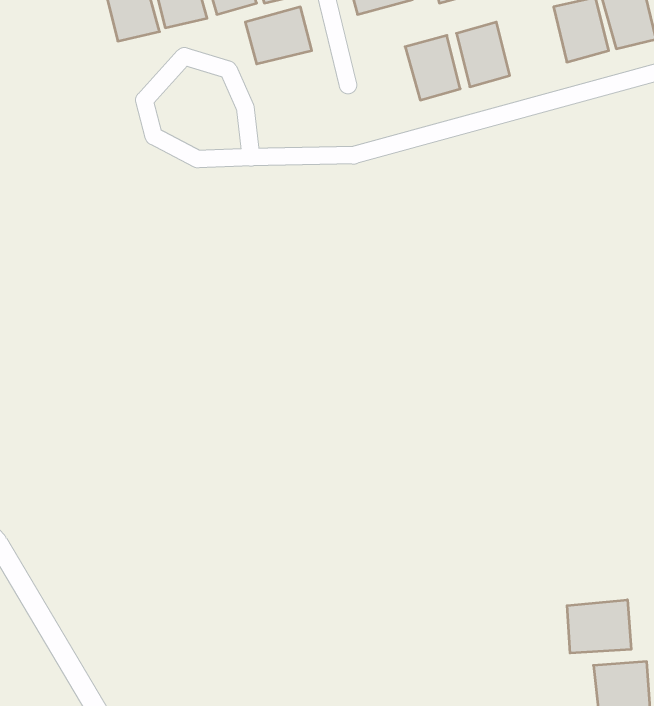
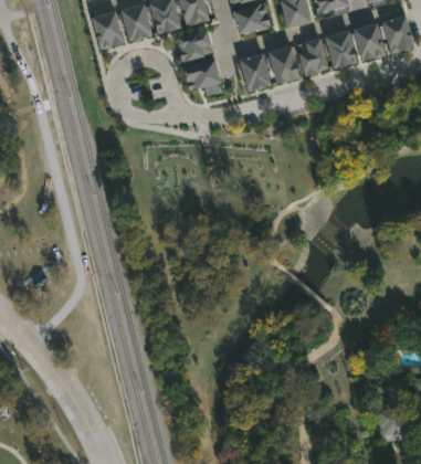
building: none -> [326,32,358,70]
building: none -> [239,54,271,92]
building: none -> [185,59,222,92]
building: [567,600,631,653] -> none

